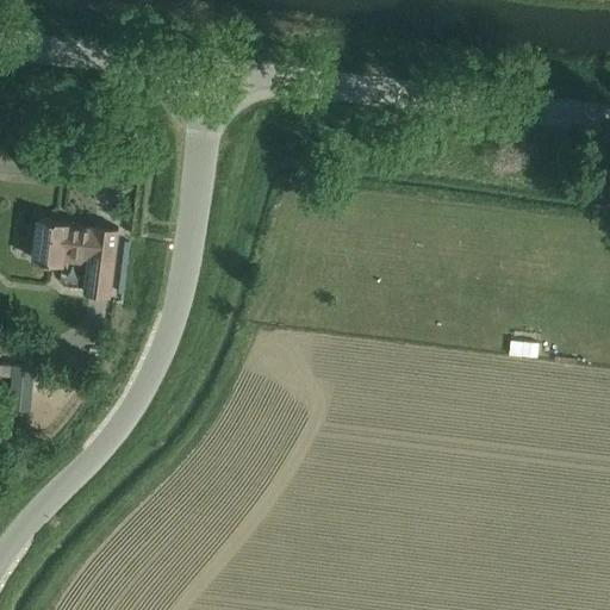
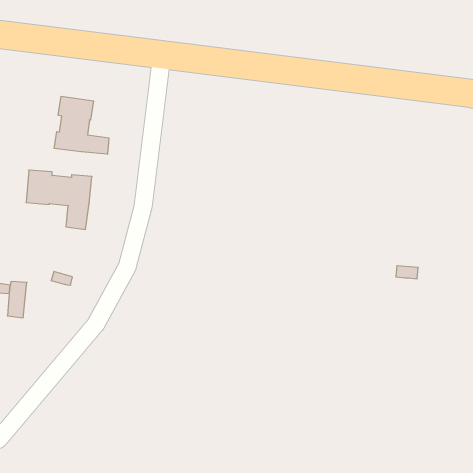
building: none -> [54,96,109,154]

